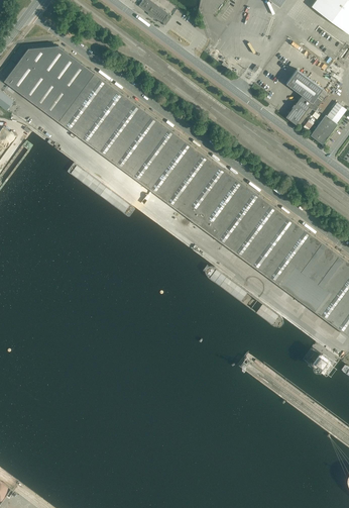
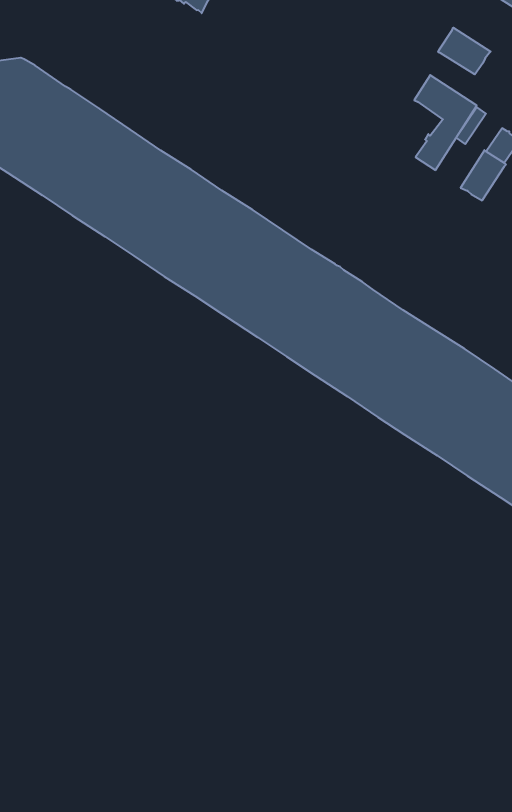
building: none -> [438,28,491,74]

